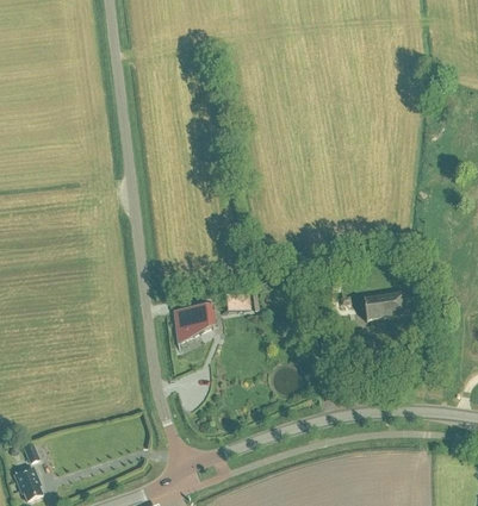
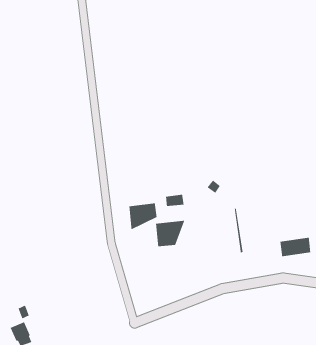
building: [364,292,406,319] -> [280,237,311,257]
building: none -> [155,220,185,247]

